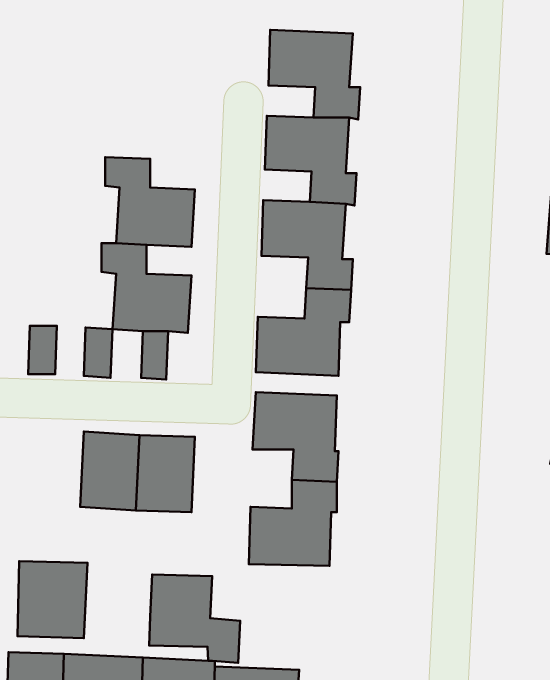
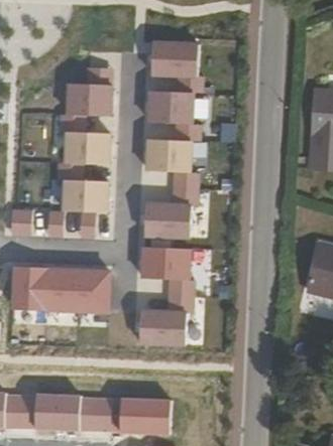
building: none -> [68,67,112,116]
building: [17,561,87,638] -> [8,267,47,310]
building: [149,574,240,663] -> none

